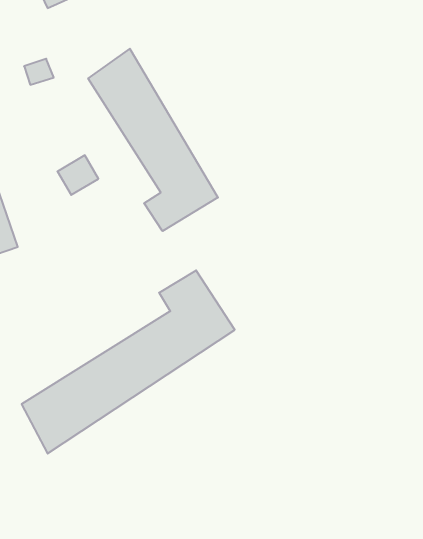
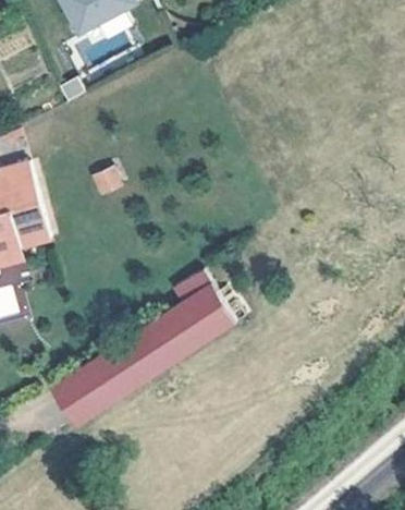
building: [88,49,218,231] -> none

